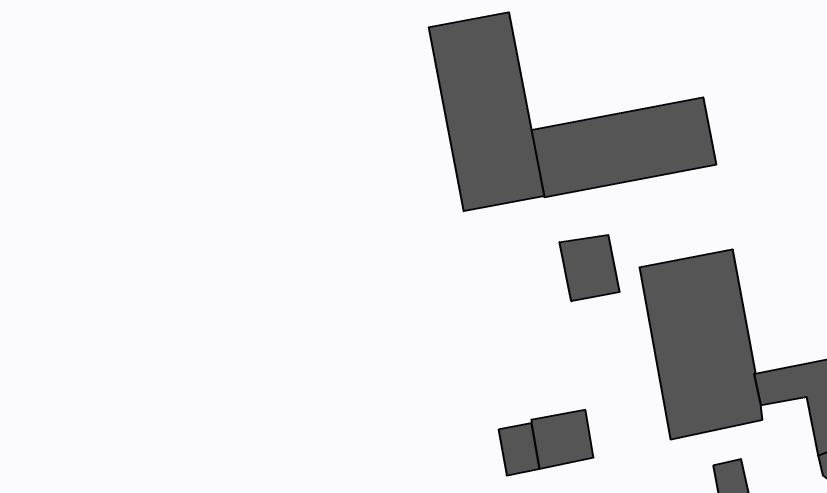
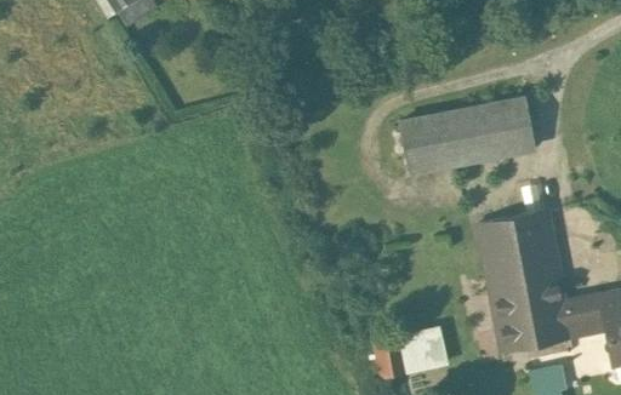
building: [429,12,544,211] -> none
building: [560,235,620,301] -> none

